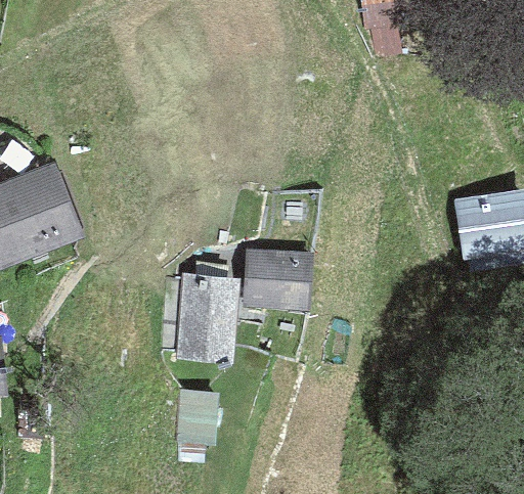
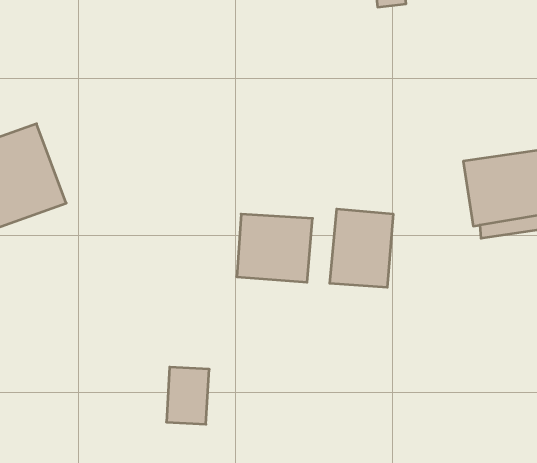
building: none -> [330,209,393,287]
building: [174,273,239,362] -> none

